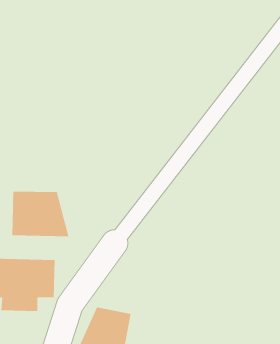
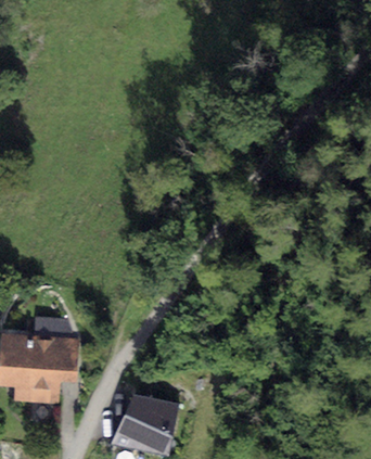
building: [11,191,70,237] -> none

